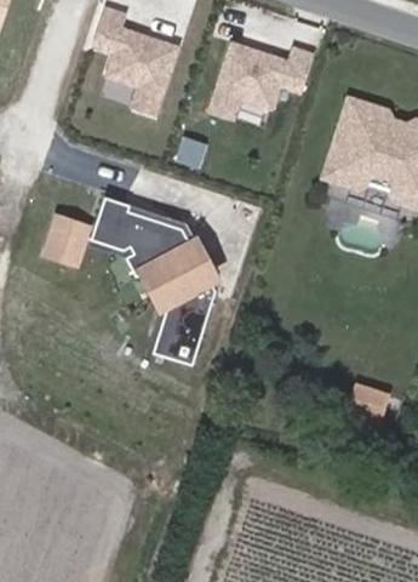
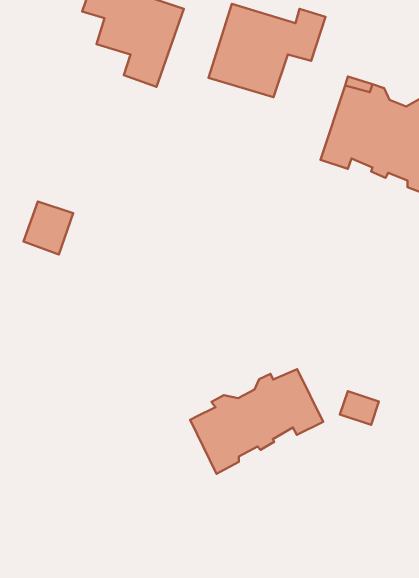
building: [90,196,210,367] -> none
building: none -> [190,369,323,474]

